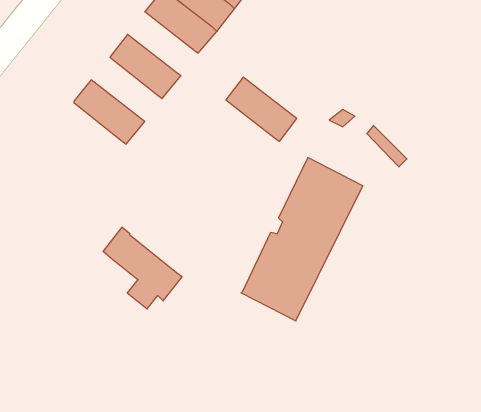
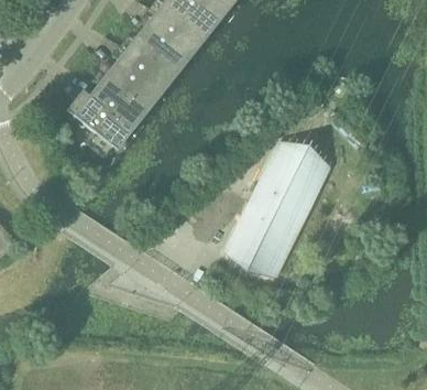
building: none -> [102,59,161,112]
building: [226,77,297,141] -> [132,22,190,75]
building: [103,227,182,309] -> [66,90,131,158]

